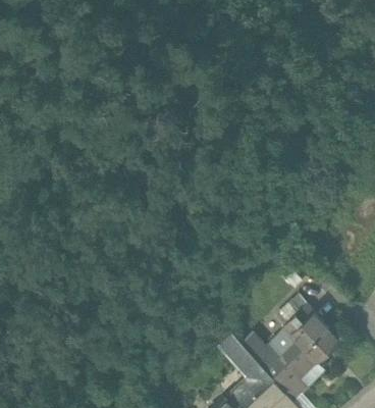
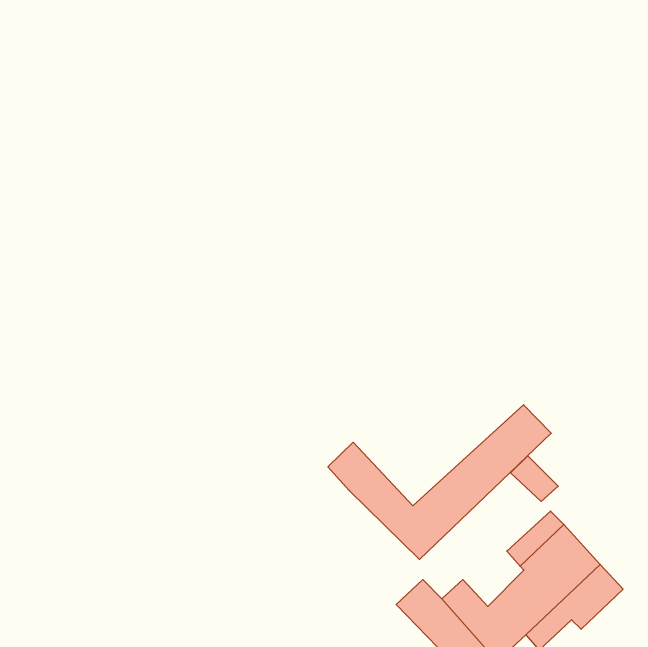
building: none -> [328,405,551,559]

